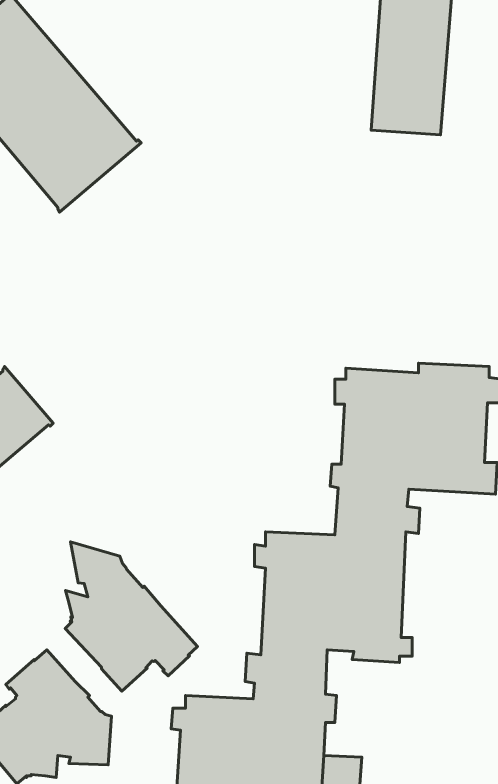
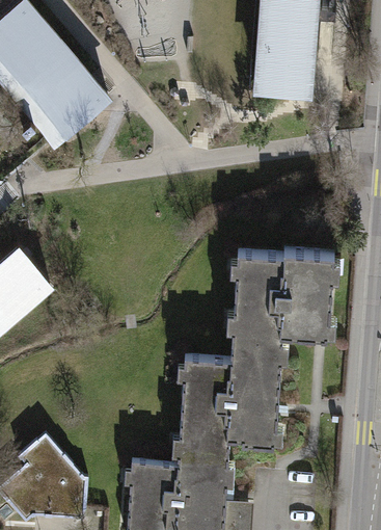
building: [65,542,197,691] -> none

